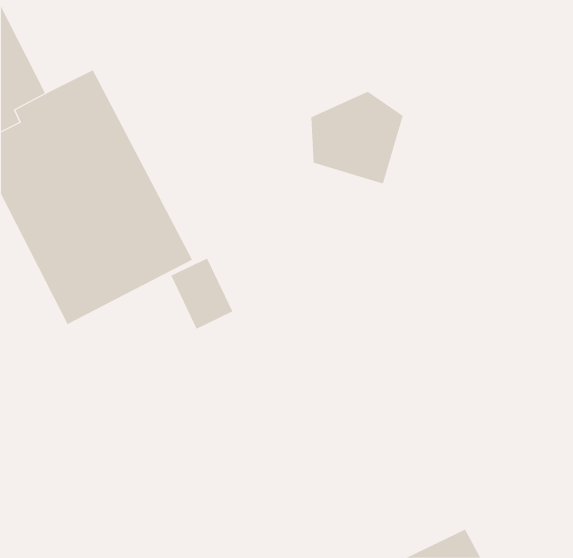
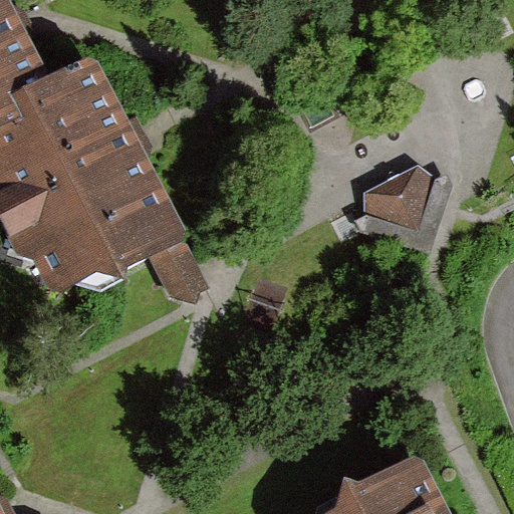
building: [311,91,404,184] -> [364,155,448,238]

